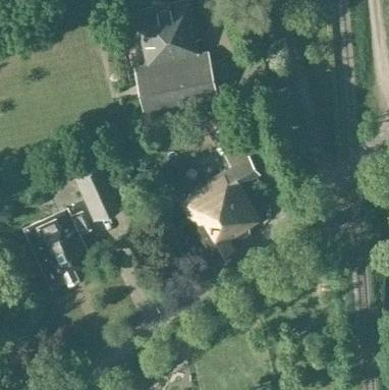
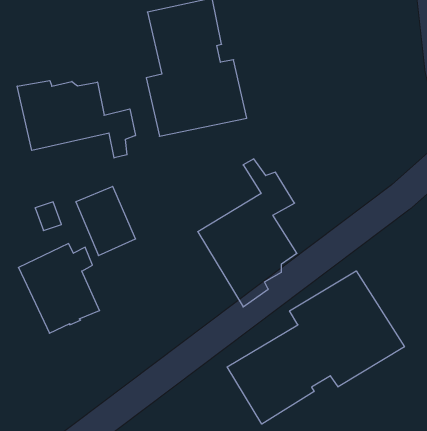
building: none -> [17,81,135,158]
building: none -> [227,271,404,424]

